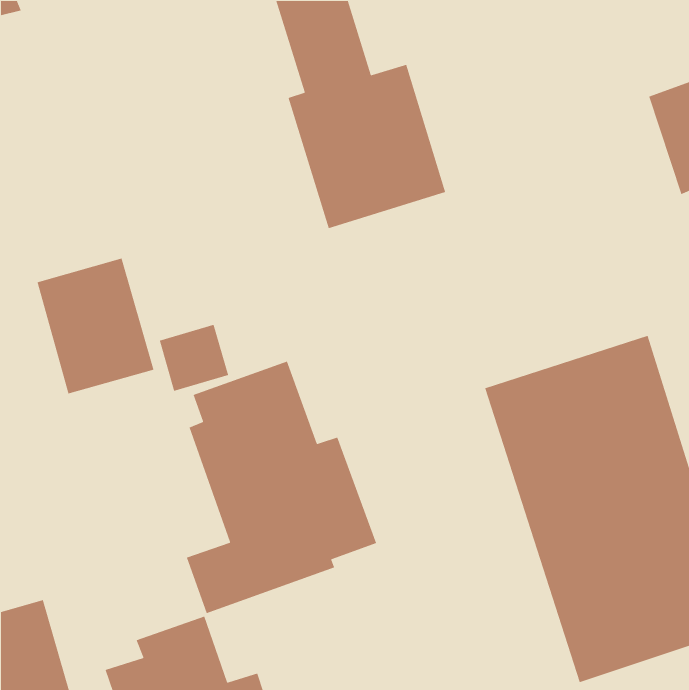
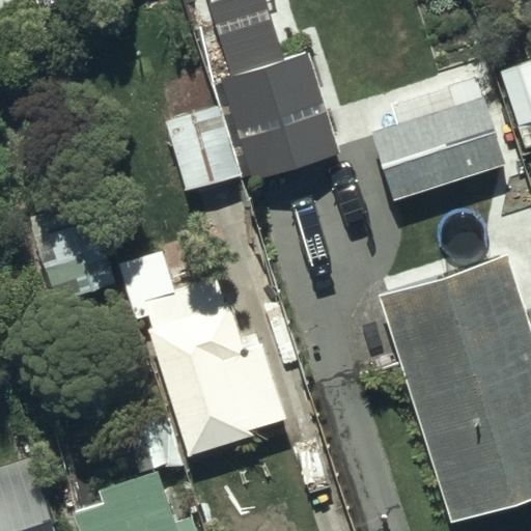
building: none -> [157,69,239,192]
building: none -> [368,81,500,201]

